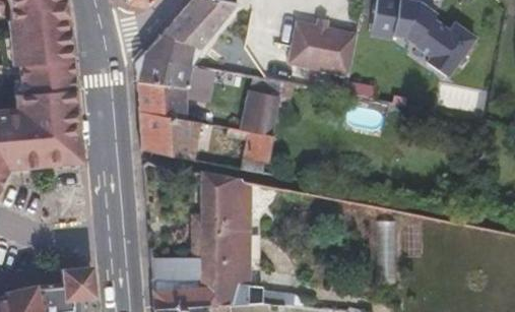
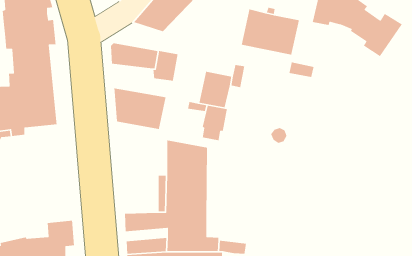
building: [139,35,197,67] -> none
building: [36,61,81,167] -> none
building: [136,83,186,119] -> none

